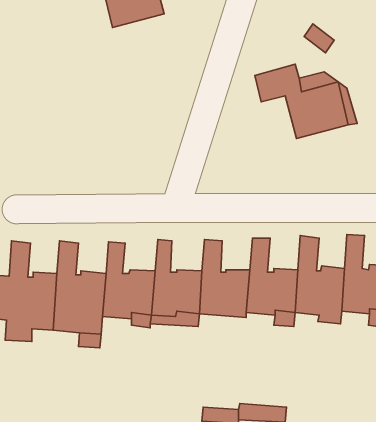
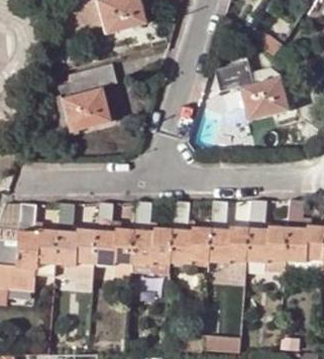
building: none -> [57,64,112,132]

